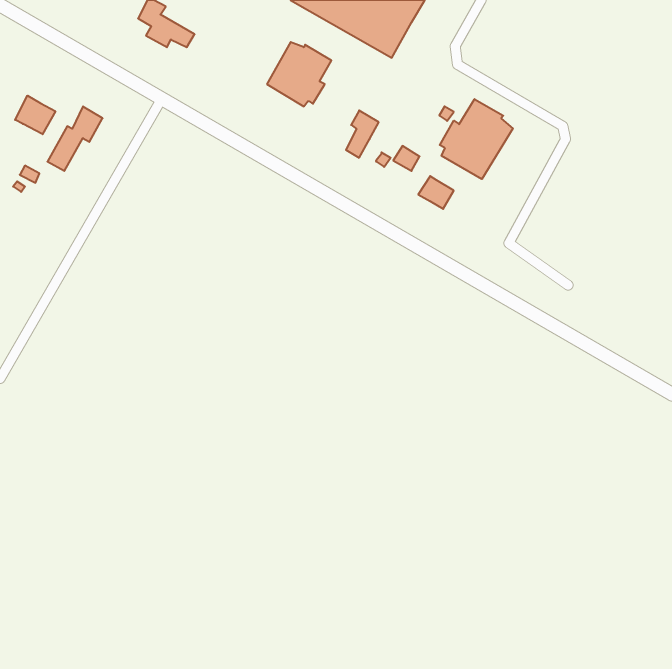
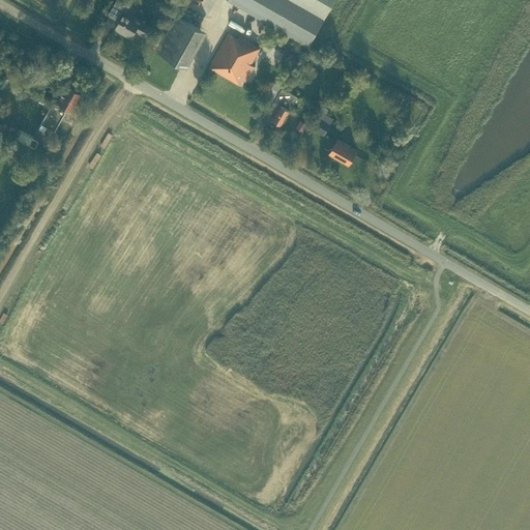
building: none -> [157,17,202,66]
building: [15,96,55,134] -> none
building: [440,99,513,179] -> none

